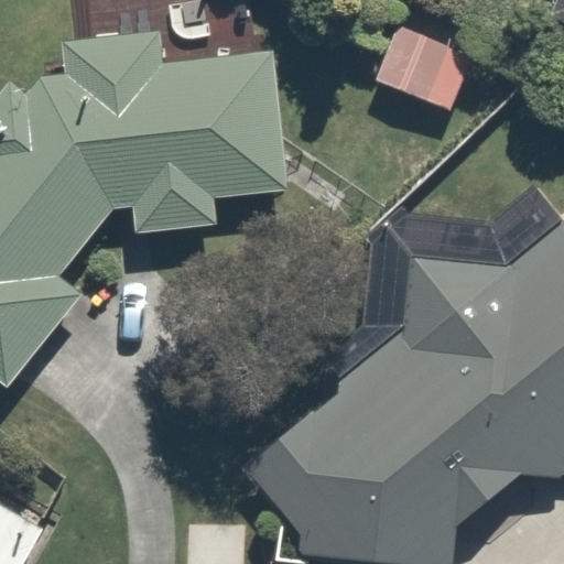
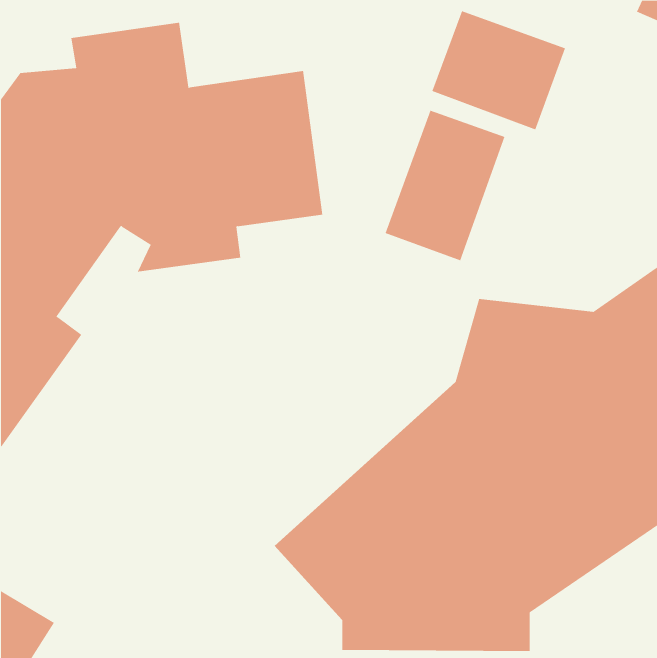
building: none -> [385,110,505,261]

